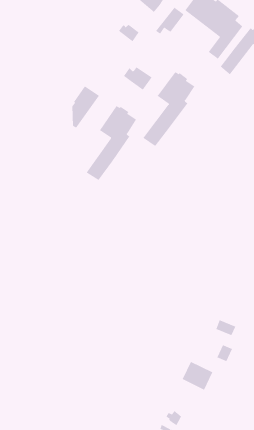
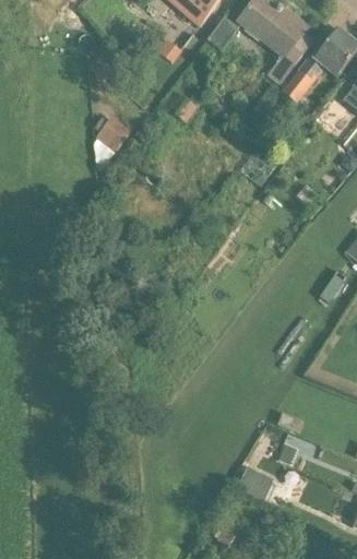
building: [143,71,195,147] -> none
building: [86,105,137,181] -> none

